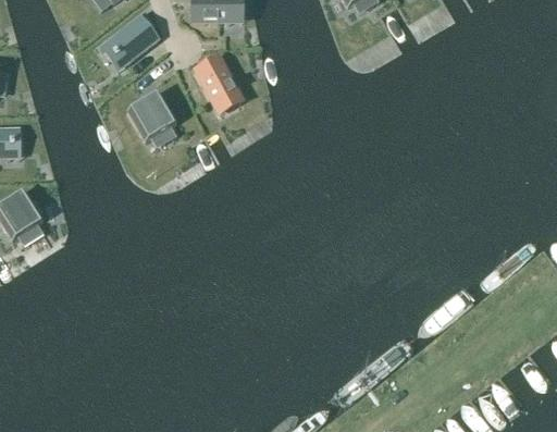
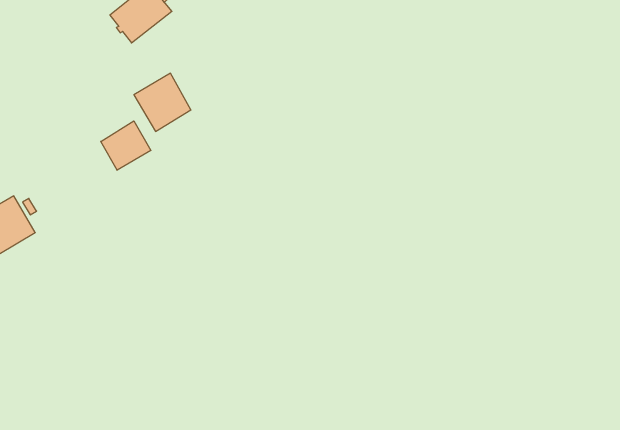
building: [195,55,243,113] -> none
building: none -> [101,121,151,170]

